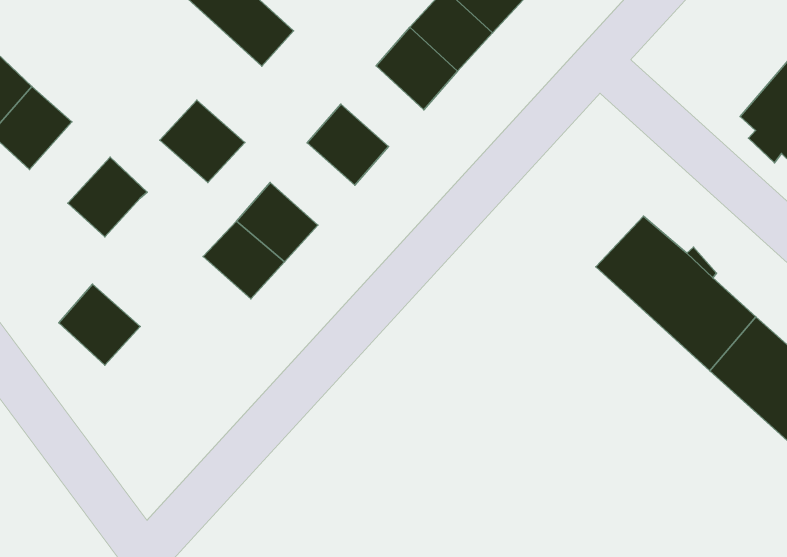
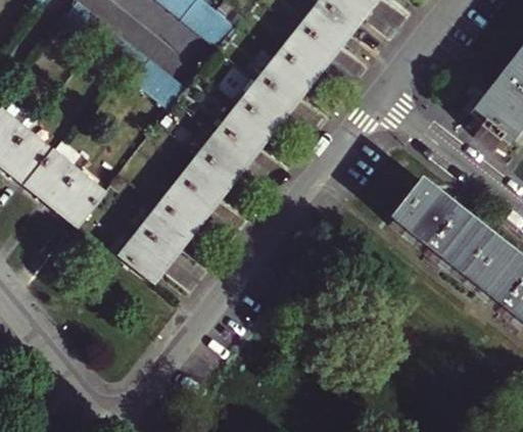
building: none -> [224,97,276,147]
building: [160,100,245,182] -> [183,148,236,199]
building: none -> [32,145,82,196]
building: [59,284,140,365] -> [125,224,176,274]

